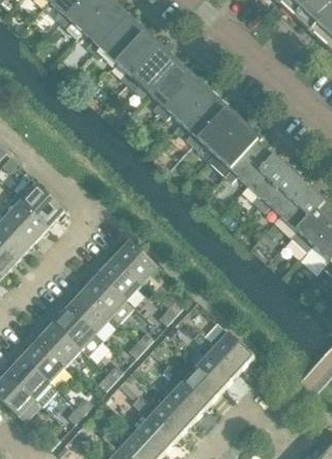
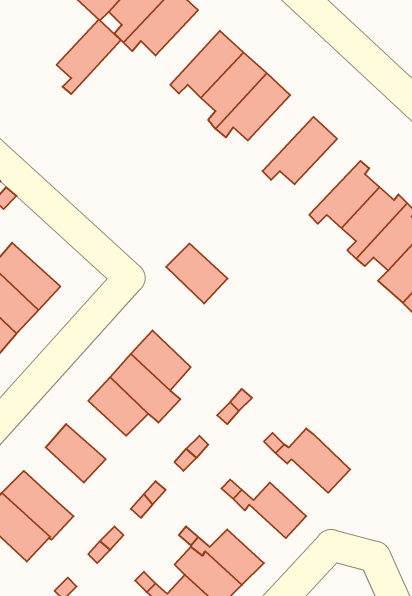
building: [115,29,161,82] -> [57,20,121,94]
building: [181,89,227,143] -> none
building: [208,120,260,174] -> none
building: [13,178,63,225] -> none
building: [113,240,157,282] -> [166,244,228,304]
building: [52,306,103,355] -> none
building: [22,340,64,381] -> none
building: [196,348,238,388] -> none
building: [166,380,208,422] -> none

